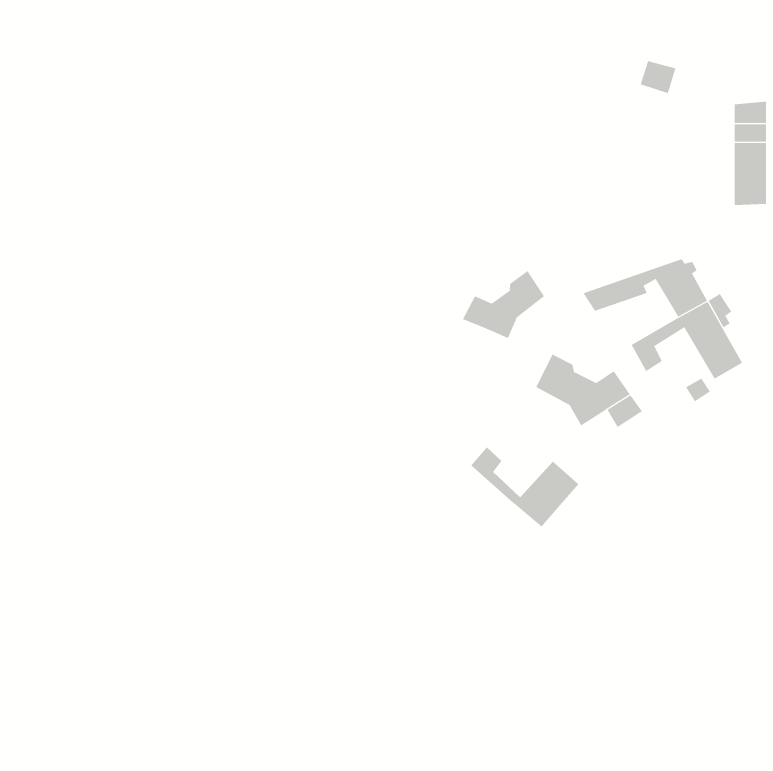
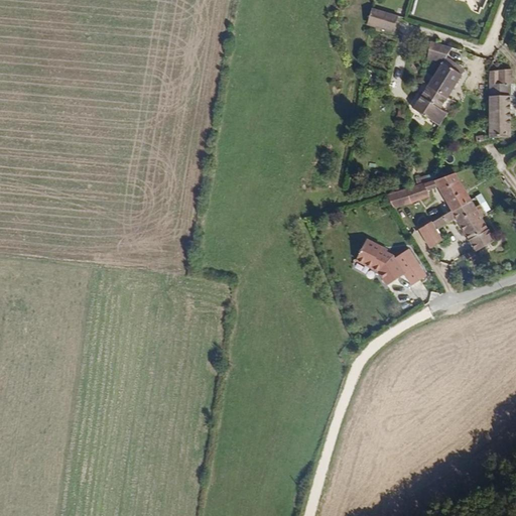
building: none -> [361,9,392,33]
building: none -> [406,62,458,131]
building: [462,270,545,339] -> none
building: [471,446,579,528] -> none

